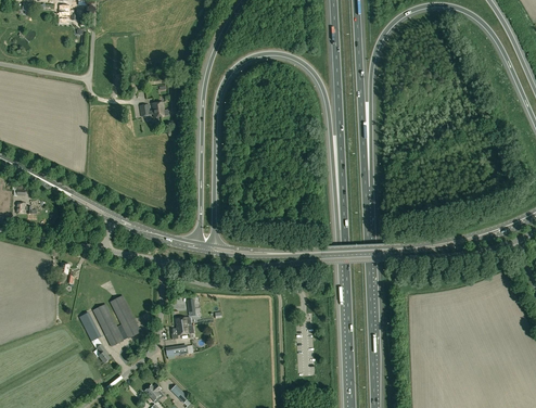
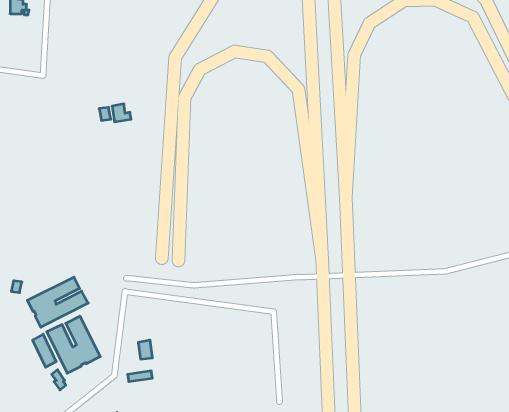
building: none -> [27,277,88,327]

